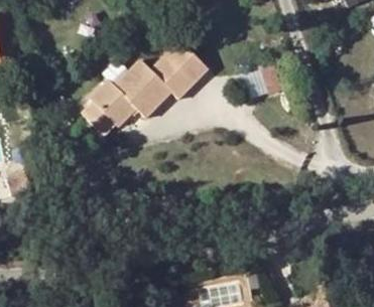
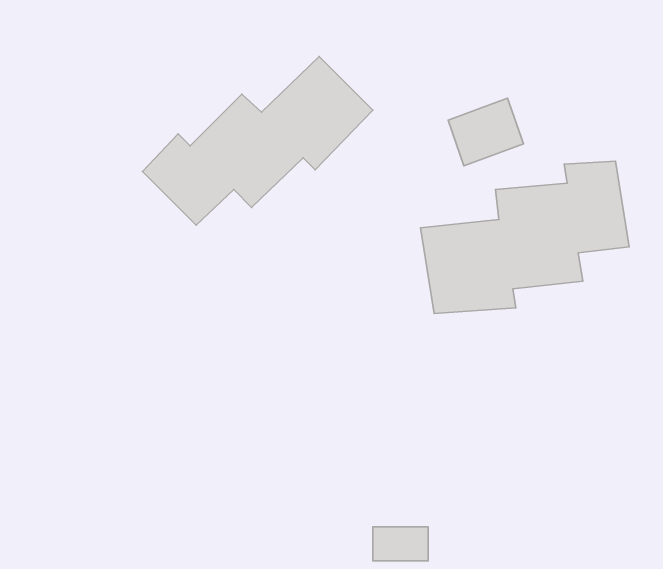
building: none -> [420,161,629,313]

